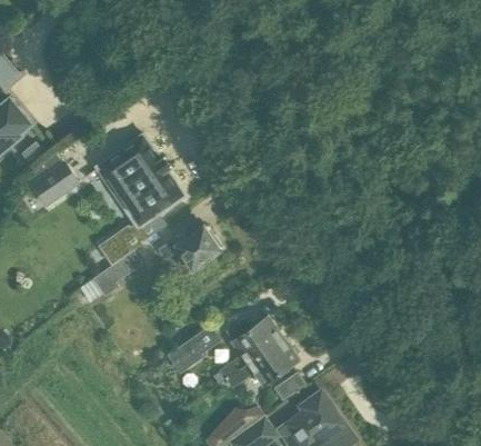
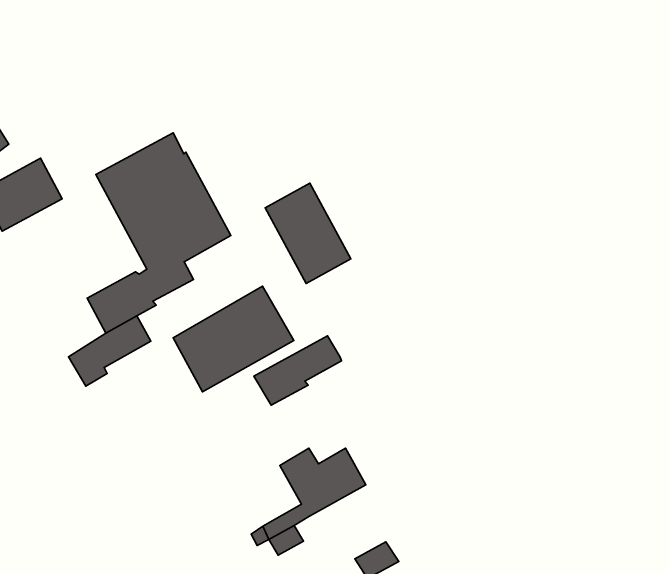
building: none -> [265,183,351,284]
building: [167,326,219,371] -> [254,336,342,405]
building: [248,339,297,385] -> none

